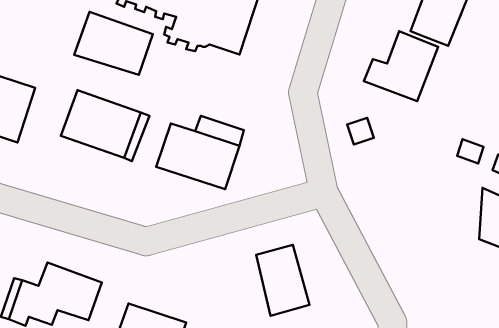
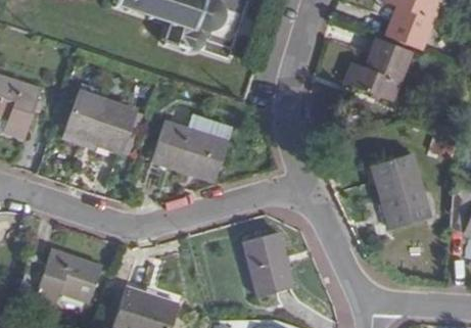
building: [74,12,153,75] -> none
building: none -> [371,154,430,229]

